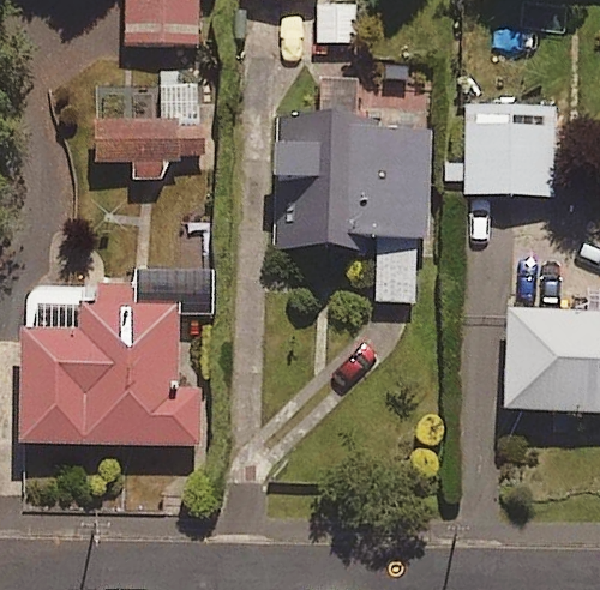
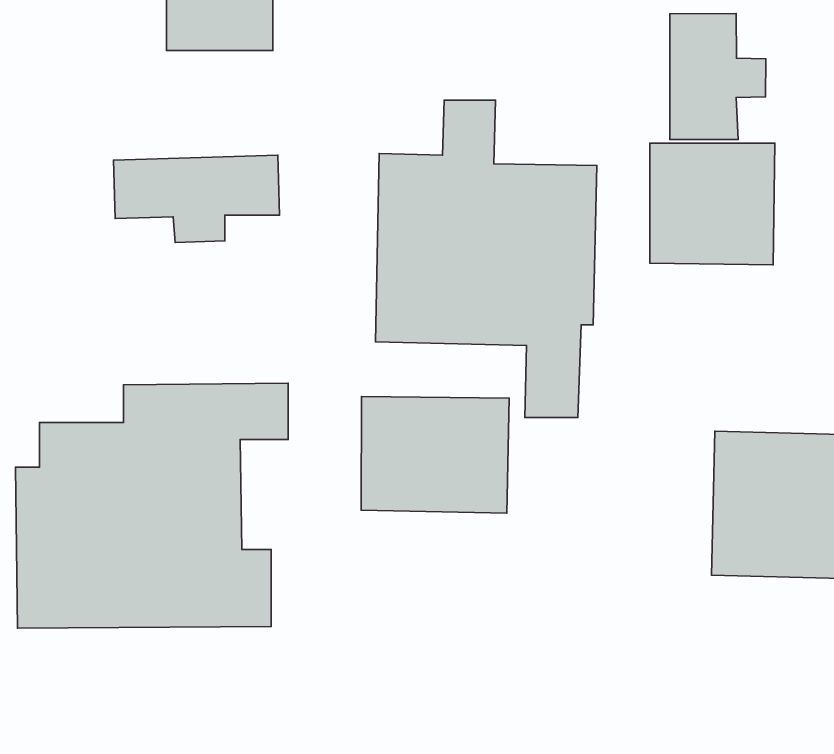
building: none -> [670,14,766,140]
building: none -> [361,397,509,513]

